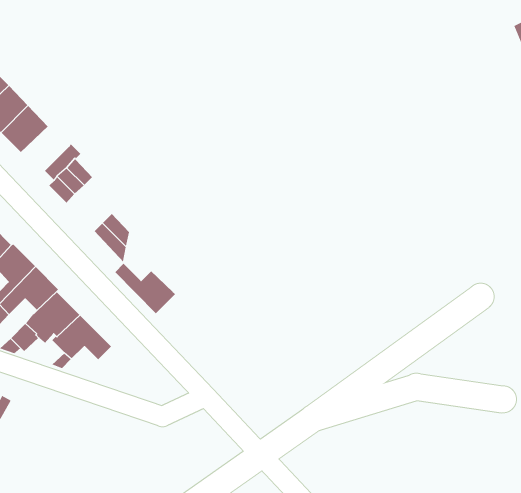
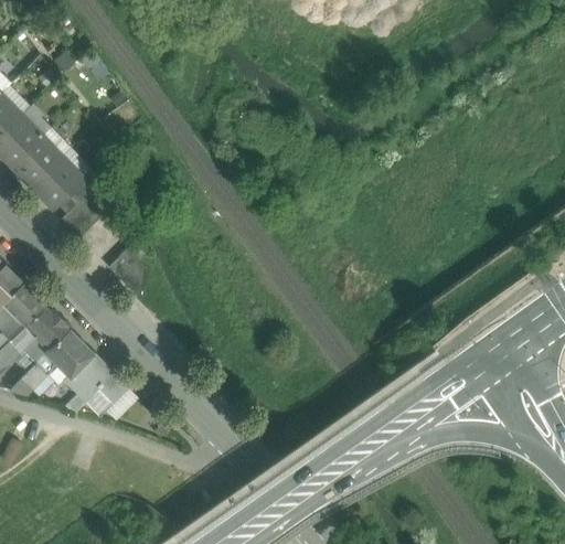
building: none -> [31,157,81,206]
building: [114,263,176,314] -> none

